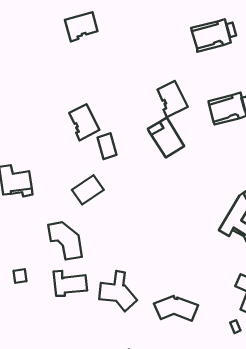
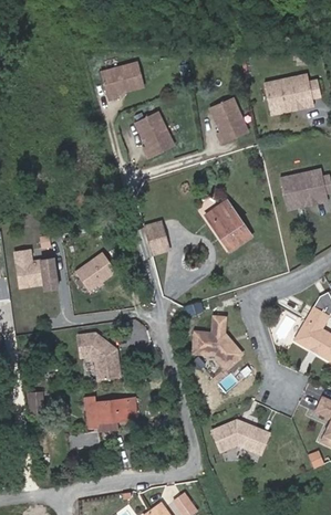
building: [157,81,188,117] -> [207,96,246,143]
building: [69,104,100,140] -> [133,112,172,158]
building: [72,175,104,204] -> [73,253,114,291]
building: [99,271,137,311] -> [196,318,245,370]

